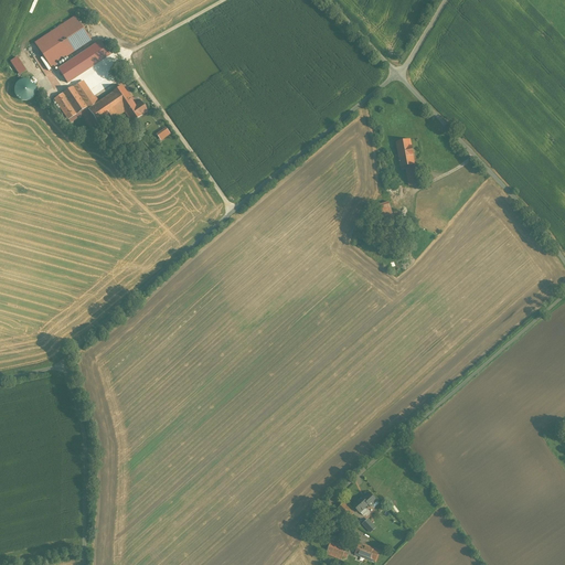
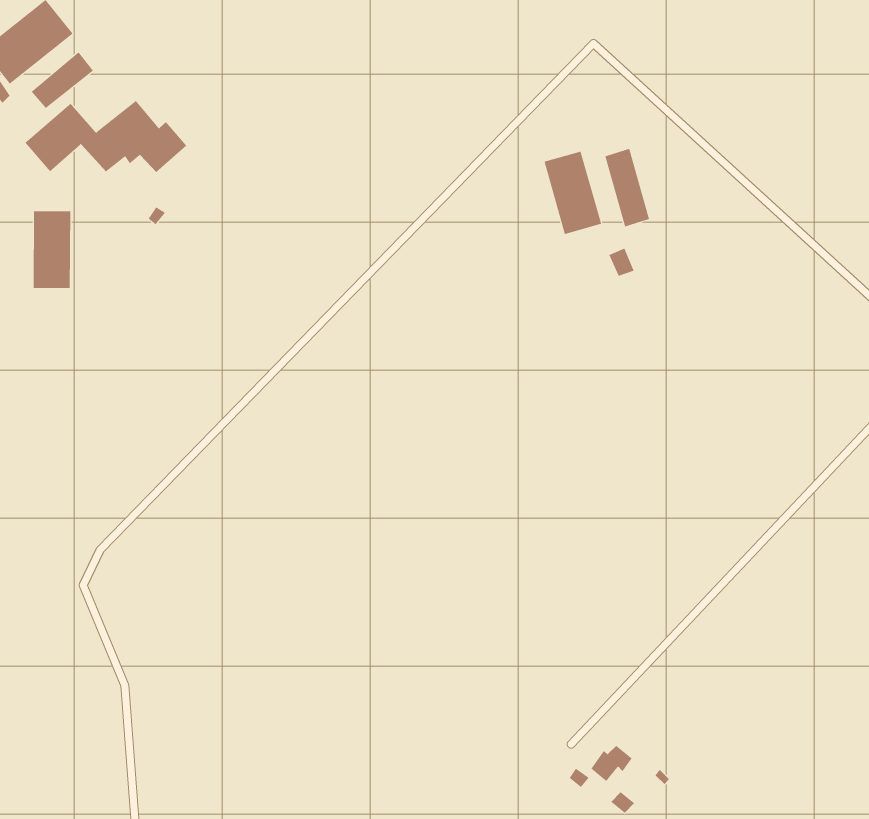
building: none -> [544,151,602,235]
building: none -> [33,211,71,289]

